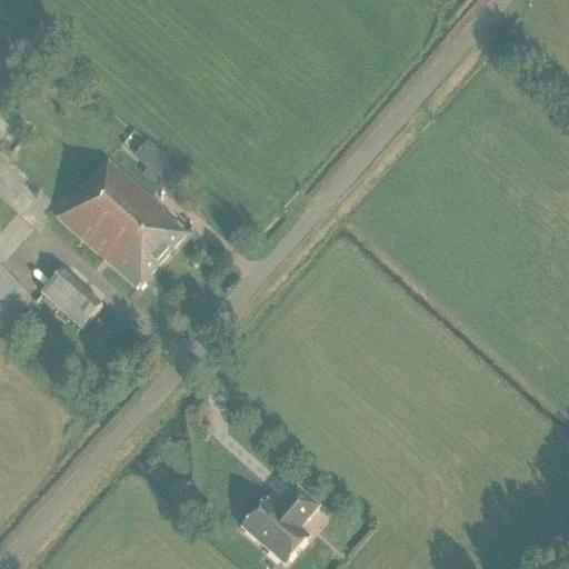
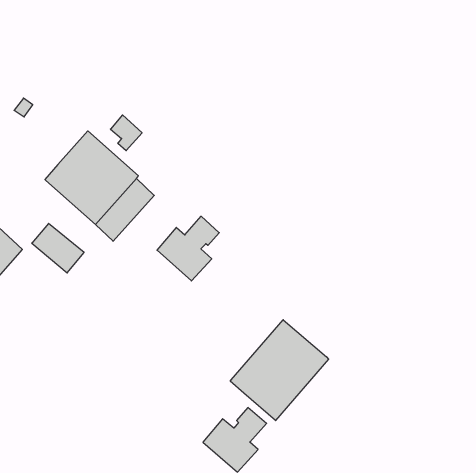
building: none -> [157,216,219,281]
building: none -> [230,320,329,421]

